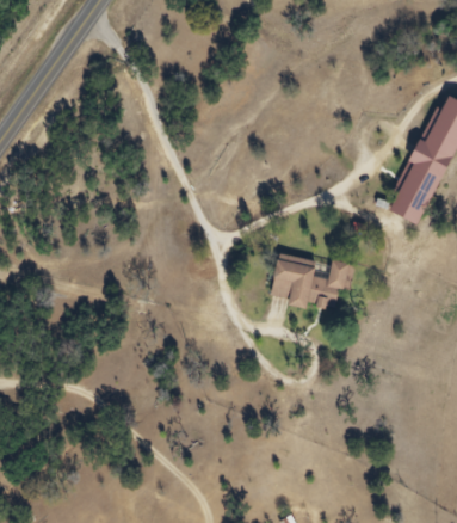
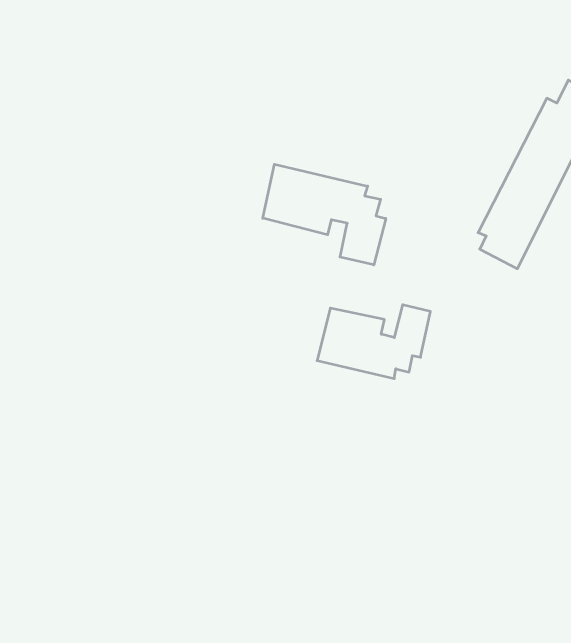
building: none -> [263,164,386,265]

